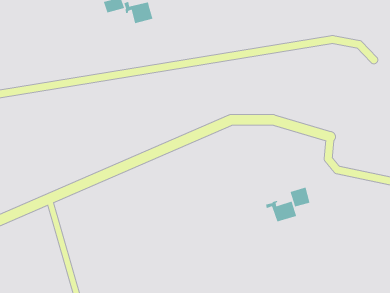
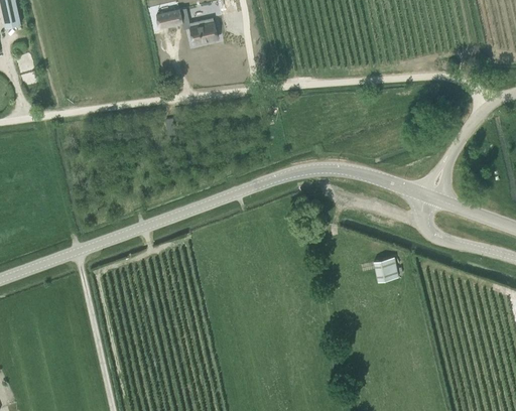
building: [265,200,297,222] -> none

